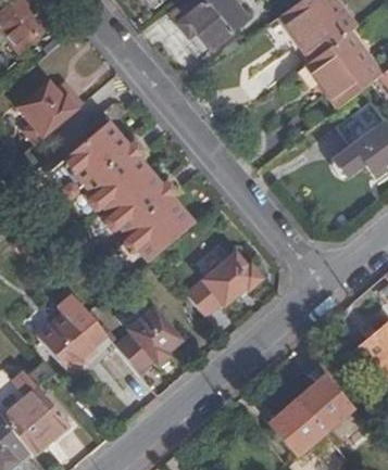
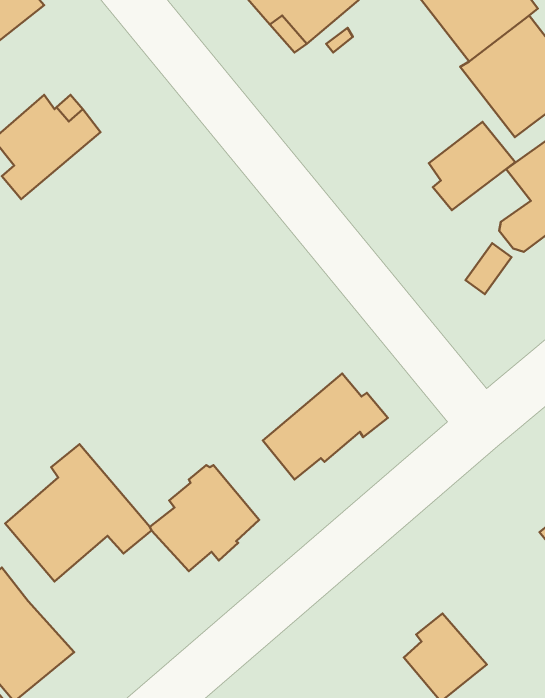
building: none -> [429,122,515,210]
building: [50,123,196,262] -> none
building: [296,380,350,431] -> none

